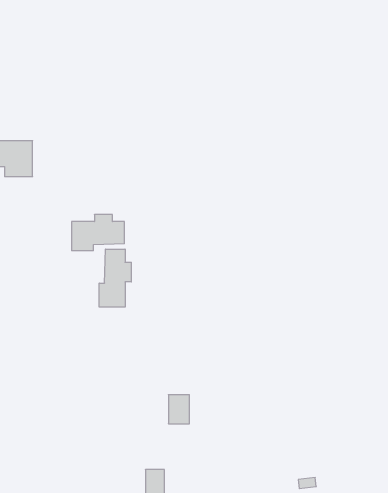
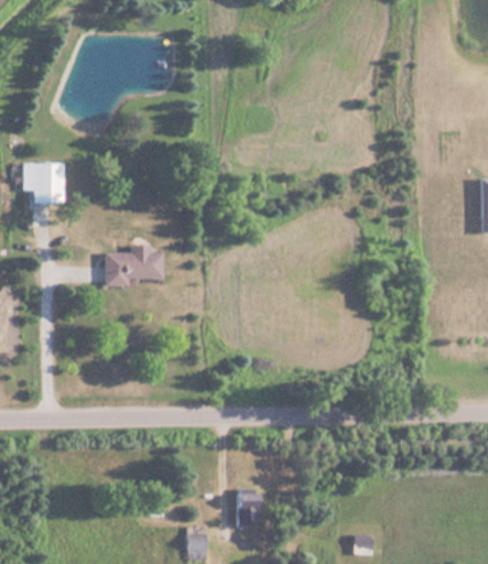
building: [99,249,131,307] -> none
building: [168,395,189,424] -> [237,491,260,523]

